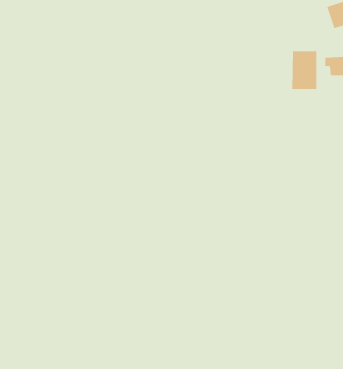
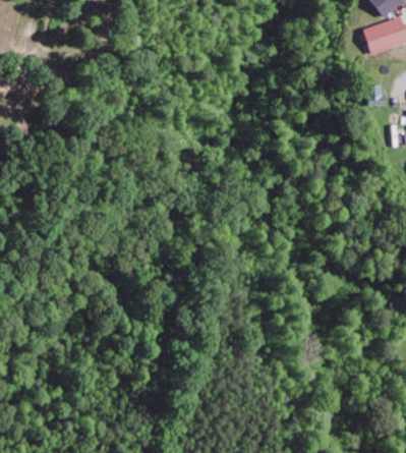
building: [292,50,317,90] -> none

